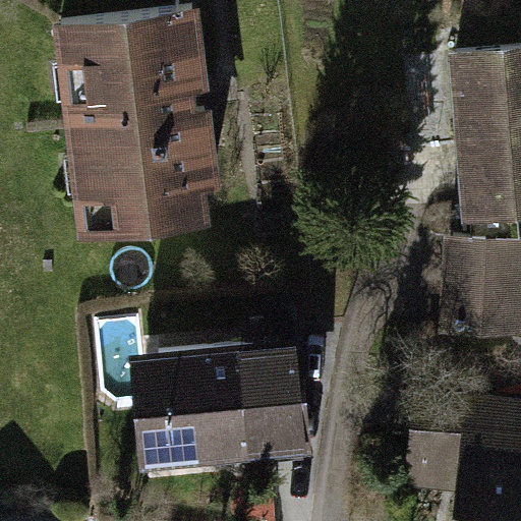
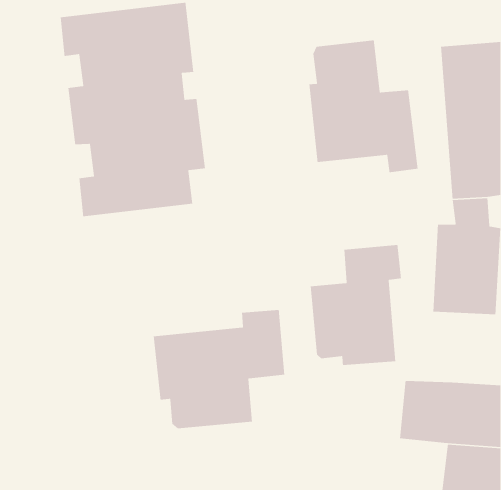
building: none -> [308,39,418,173]
building: none -> [310,244,402,366]

